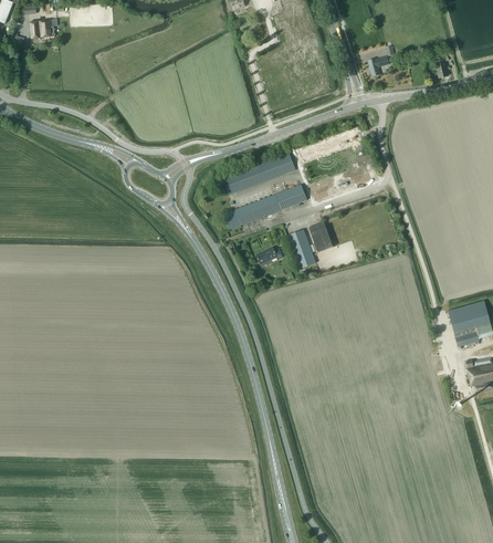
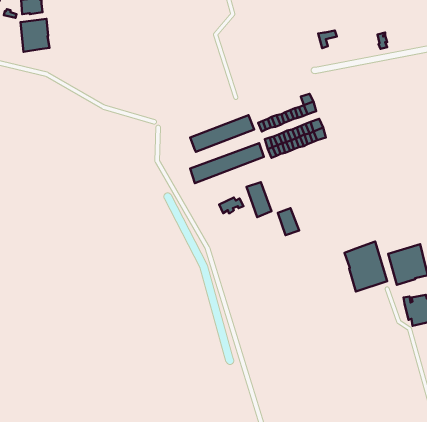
building: none -> [20,19,49,52]
building: [308,221,333,252] -> [278,208,299,235]
building: none -> [344,242,387,291]

